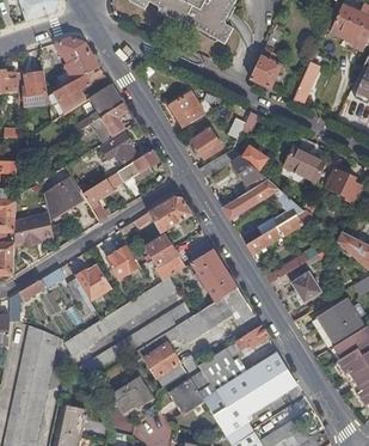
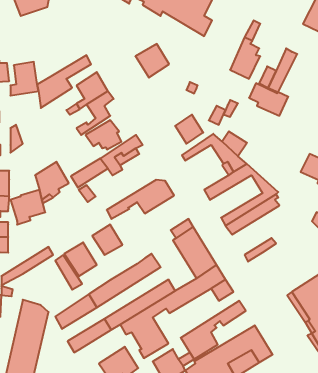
building: [55,36,98,86] -> none
building: [170,92,205,128] -> [135,44,169,78]
building: [285,146,327,181] -> [249,83,288,116]
building: [144,234,183,280] -> none
building: [285,262,316,303] -> none

